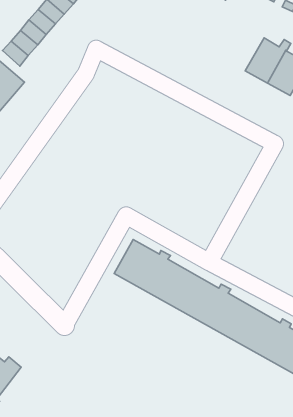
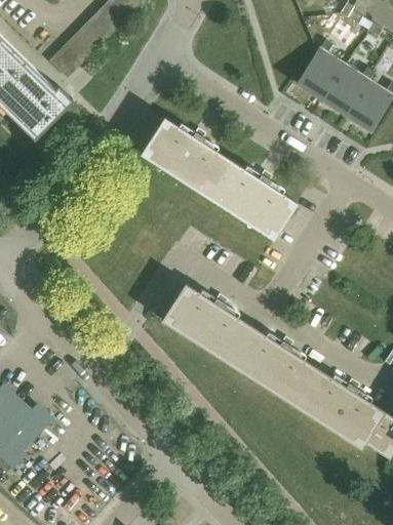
building: none -> [298,41,345,100]
building: none -> [139,117,296,239]

